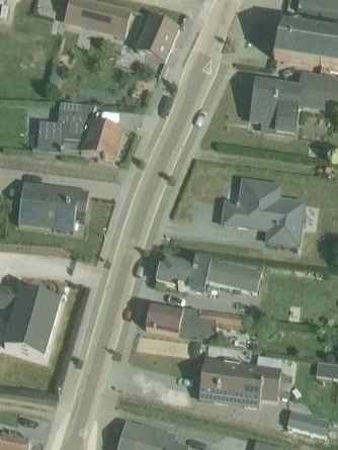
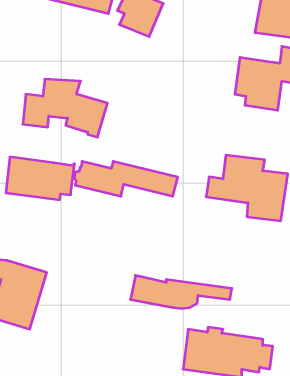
building: [156,255,261,290] -> [74,161,178,196]

